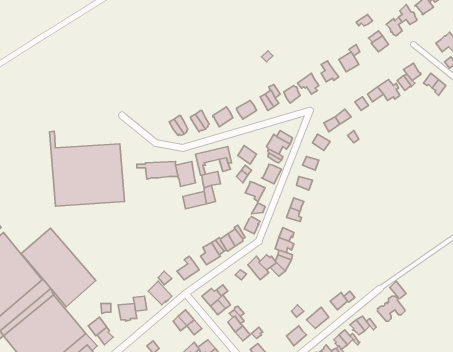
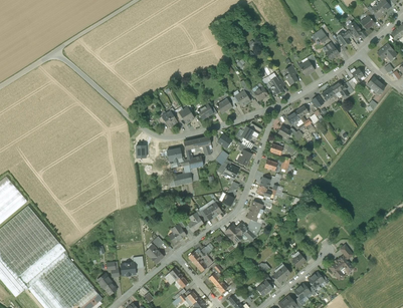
building: [50,131,124,206] -> none
building: [21,228,96,307] -> none

